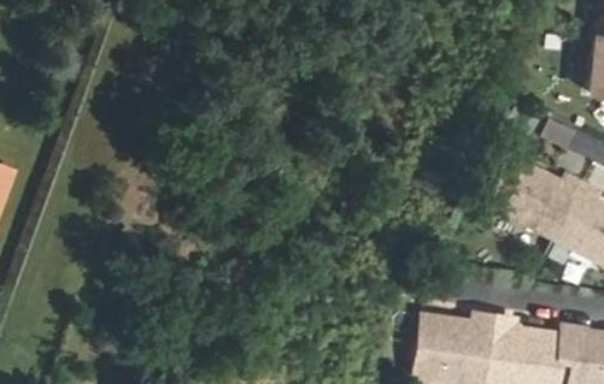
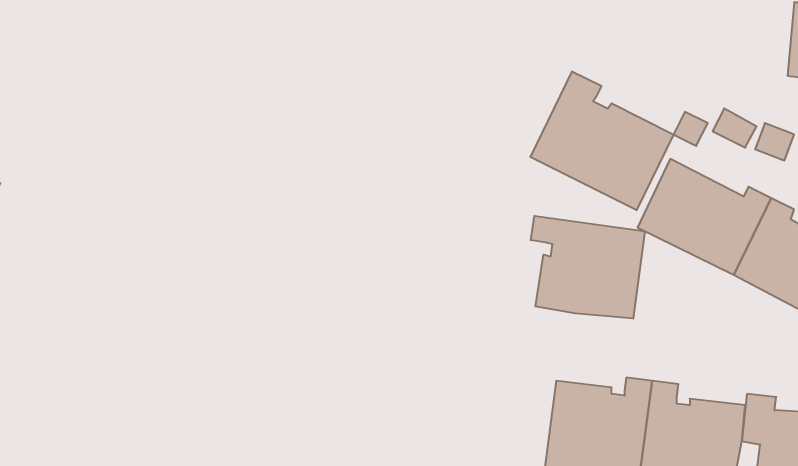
building: none -> [530,71,673,210]
building: none -> [531,216,645,319]

